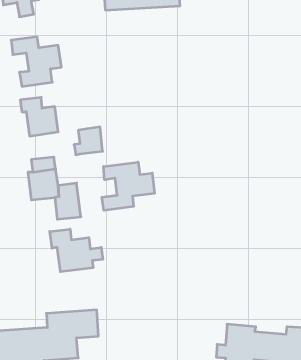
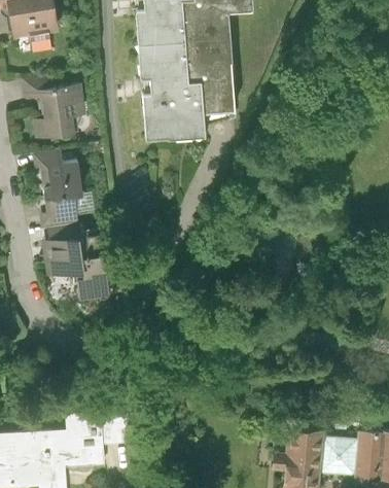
building: none -> [139,38,236,139]
building: [74,127,103,155] -> [41,194,76,228]
building: [102,162,154,210] -> none
building: [50,229,103,272] -> none

